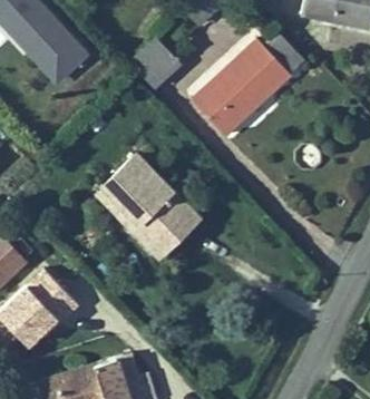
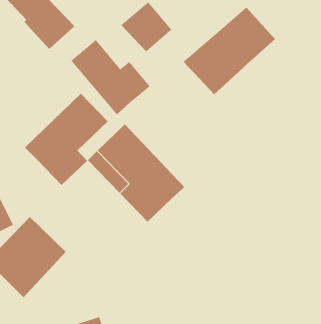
building: none -> [71,39,150,115]
building: none -> [24,93,109,186]

